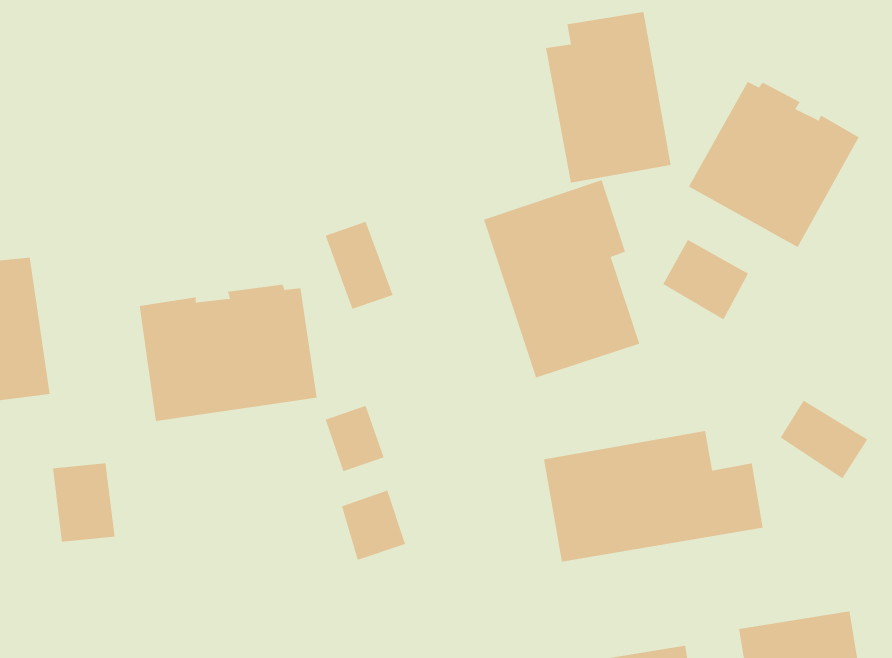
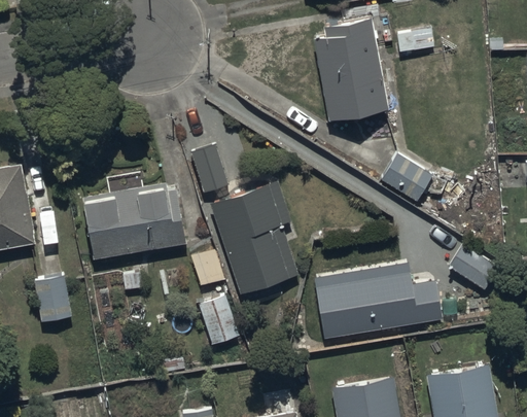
building: [688,81,859,248] -> none
building: [483,180,640,378] -> [209,182,298,296]

